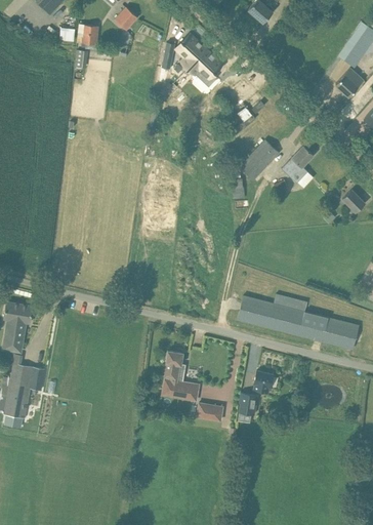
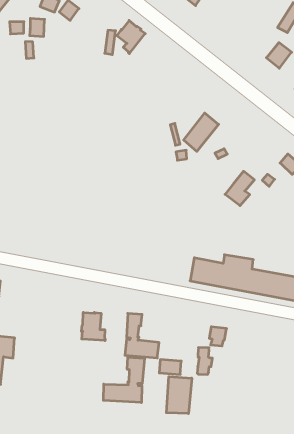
building: [189,49,223,87] -> none
building: [282,146,315,183] -> [225,171,254,206]
building: none -> [81,312,105,341]
building: none -> [103,357,144,403]
building: none -> [166,377,192,414]

